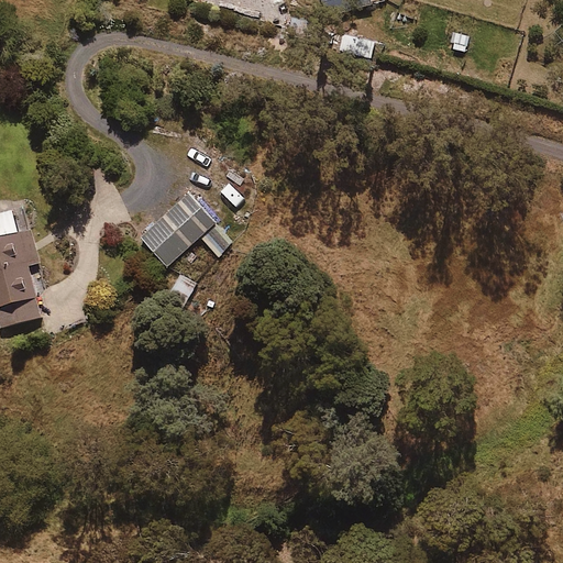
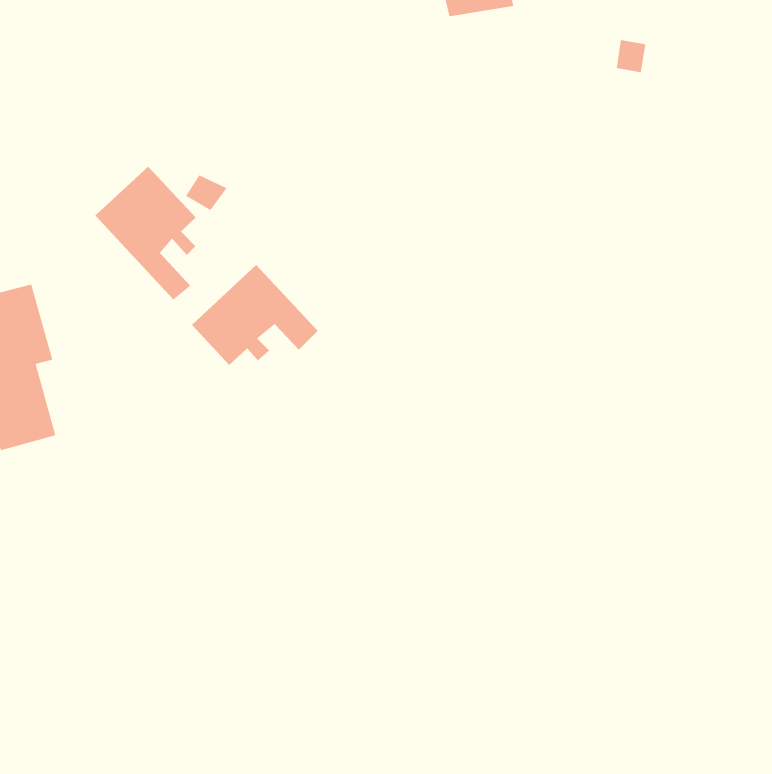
building: none -> [95,166,196,300]

